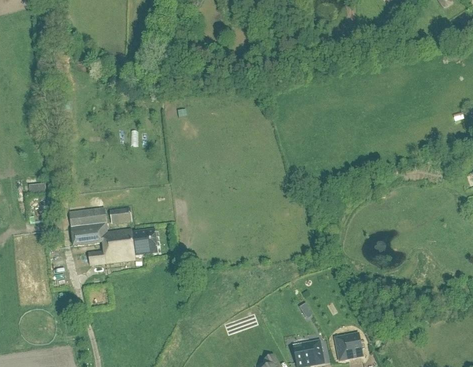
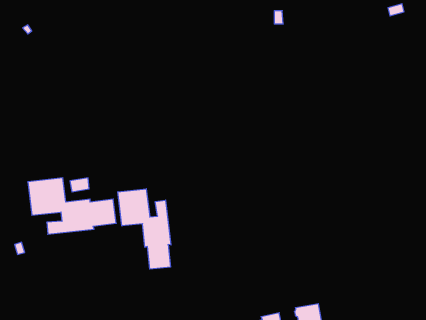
building: none -> [118,189,171,269]

